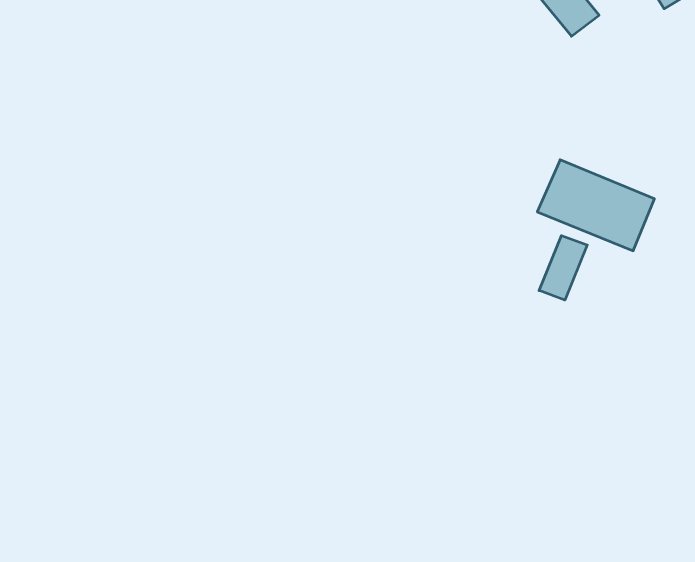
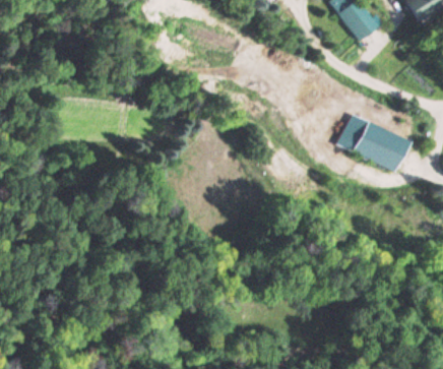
building: [539,236,587,300] -> none

